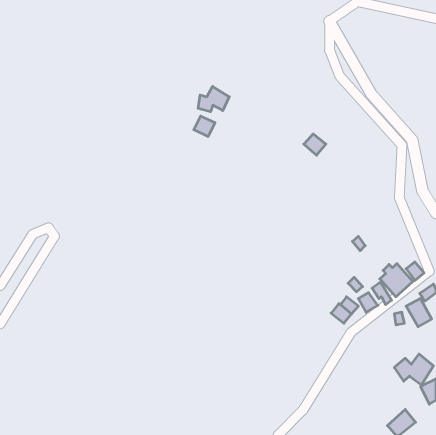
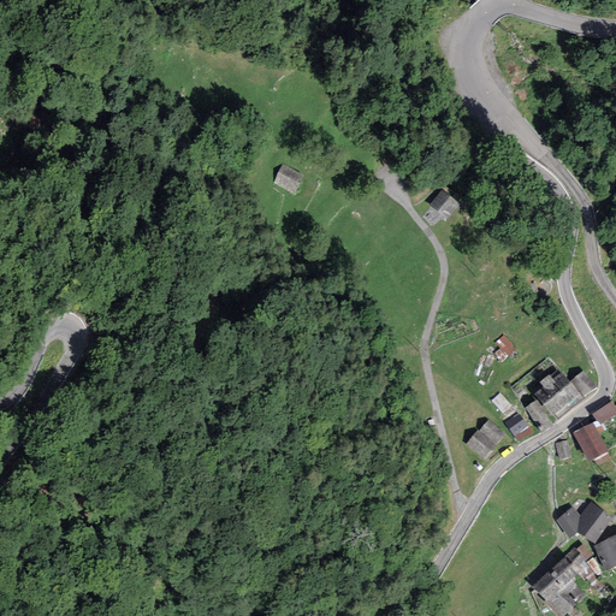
building: [198,86,229,112] -> none
building: none -> [532,547,588,600]

